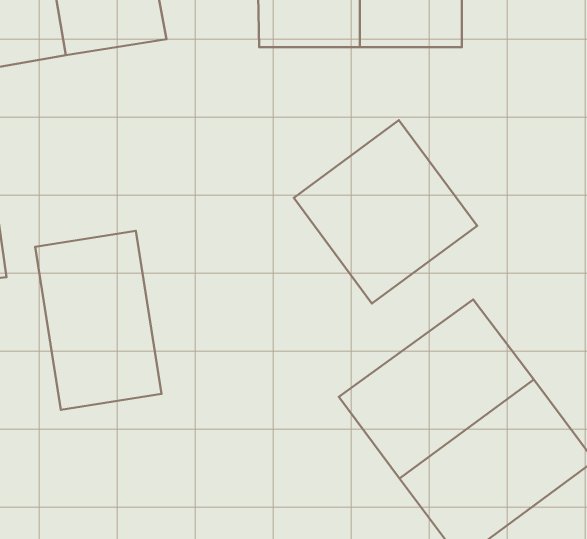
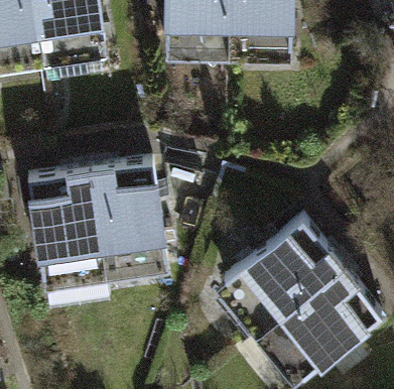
building: [294,120,477,304] -> none
building: none -> [88,161,167,273]

